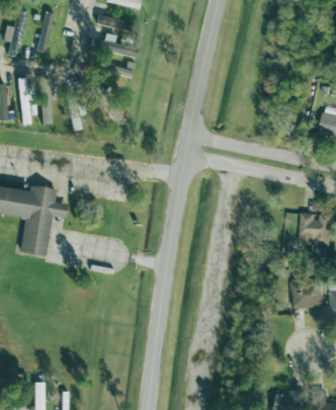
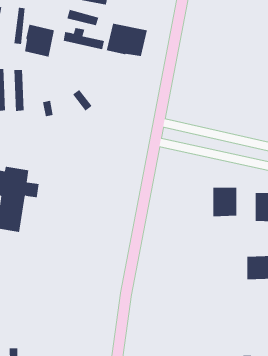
building: none -> [106,23,148,57]
building: none -> [25,24,54,57]
building: none -> [213,187,237,217]

